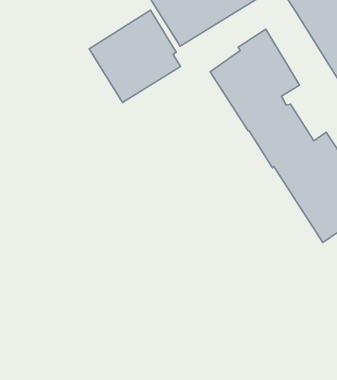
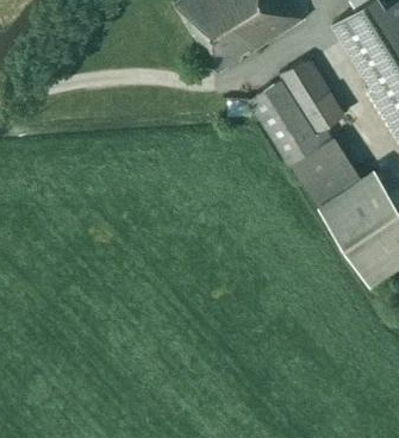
building: [89,10,181,103] -> none

